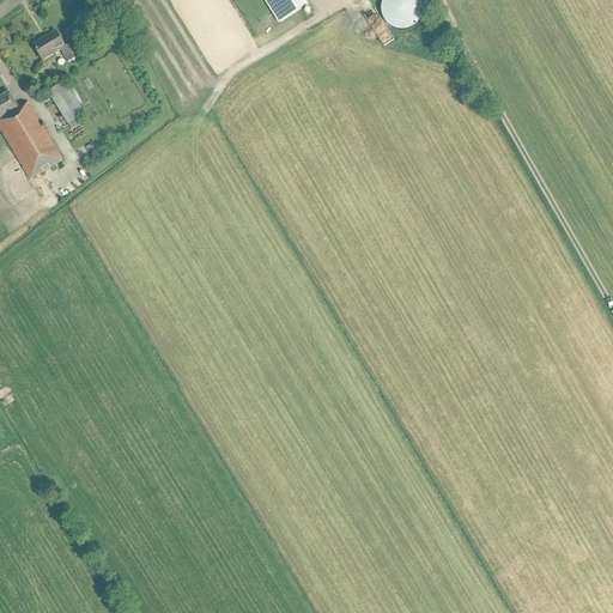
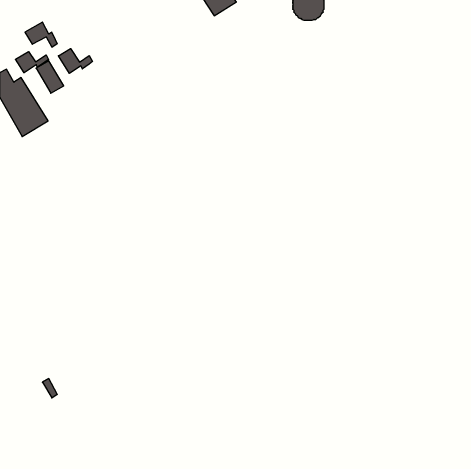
building: none -> [58,49,92,73]
building: none -> [15,52,49,73]

